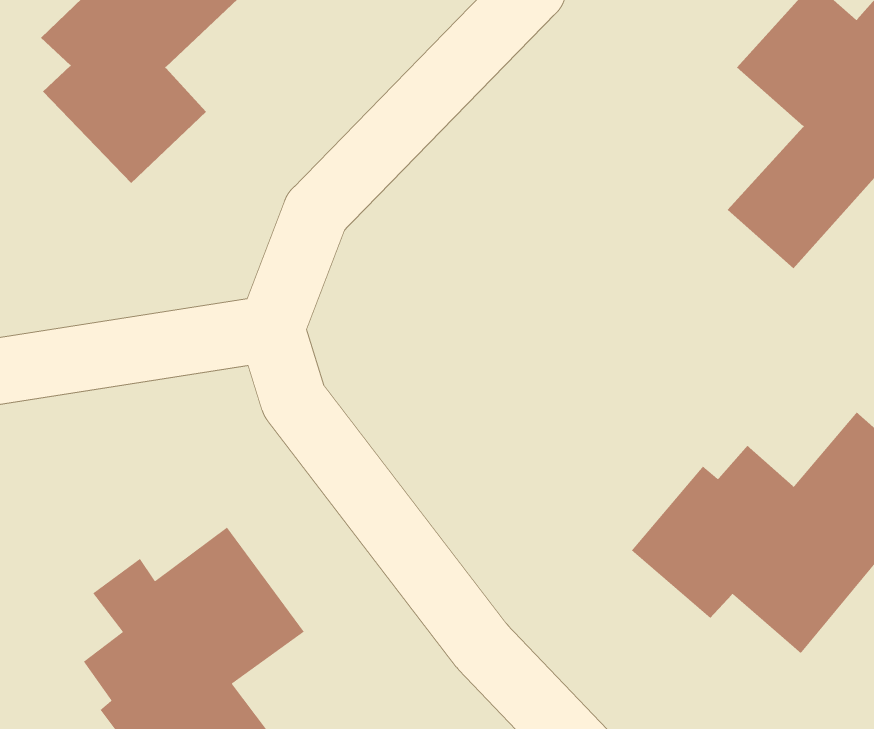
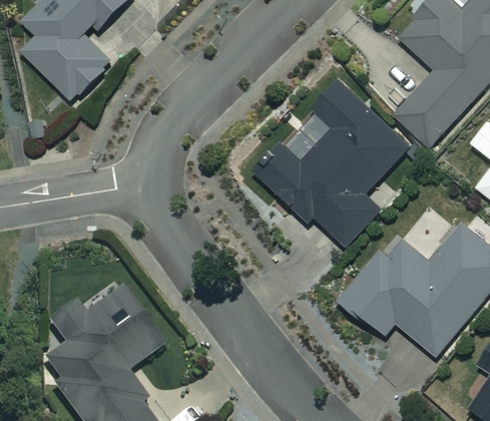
building: none -> [256,80,409,247]

